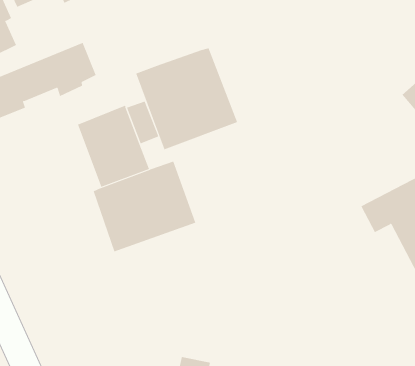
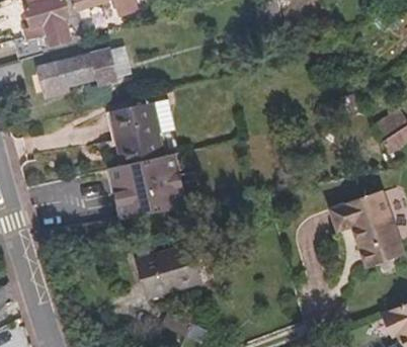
building: [135,47,238,150] -> none
building: none -> [136,243,200,298]

